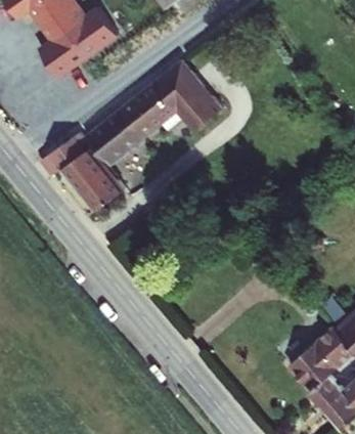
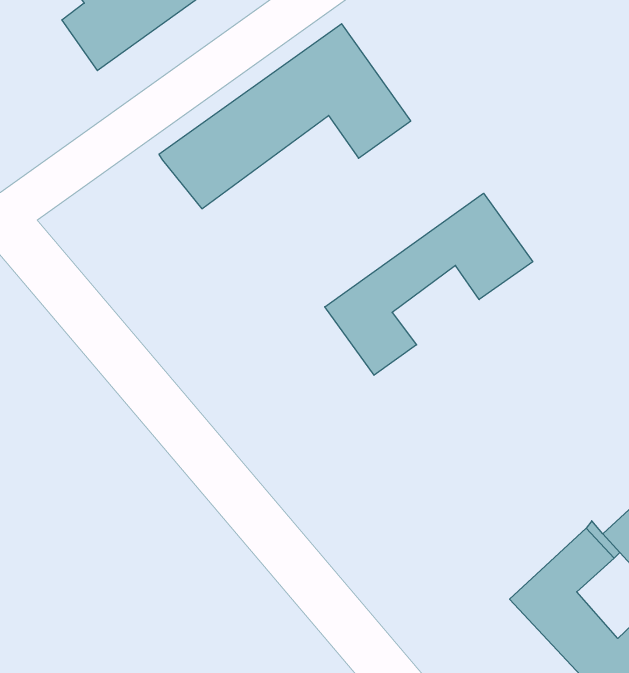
building: [48,122,132,201] -> none
building: none -> [325,193,533,375]

